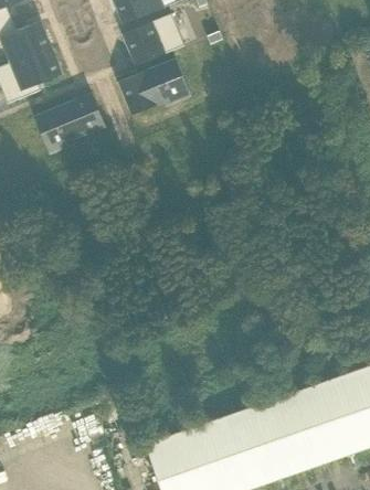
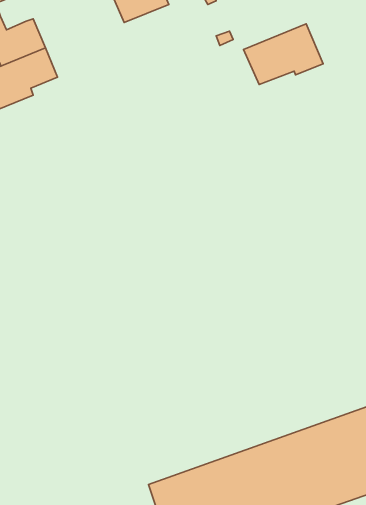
building: [121,13,183,65] -> none
building: [117,58,190,114] -> [243,24,323,85]
building: [33,93,104,153] -> none

